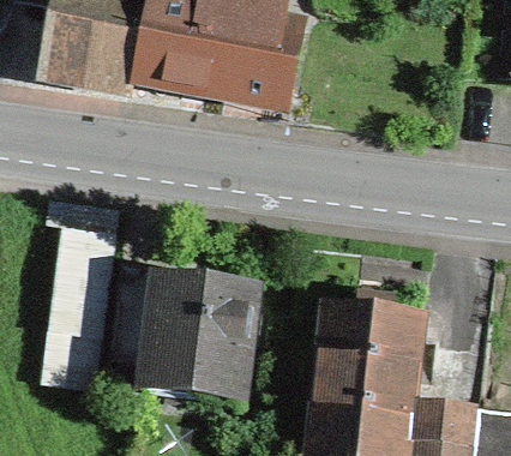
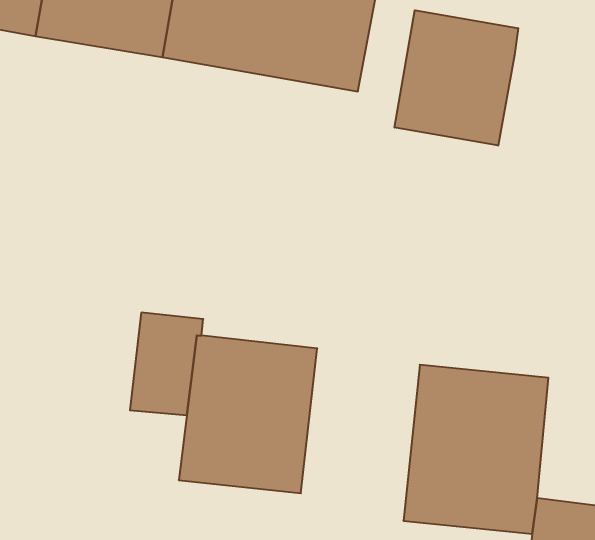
building: none -> [395,10,518,146]

